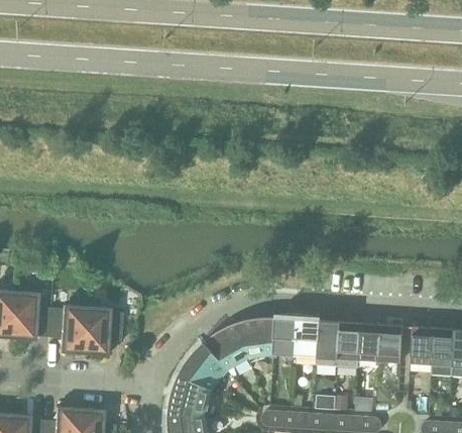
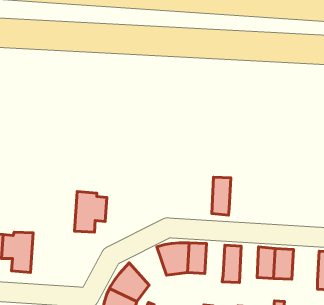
building: [83,306,122,355] -> [75,192,107,232]
building: [295,319,319,357] -> none
building: [337,322,360,368] -> [212,177,231,215]
building: [203,323,248,369] -> none
building: [411,327,434,364] -> none

